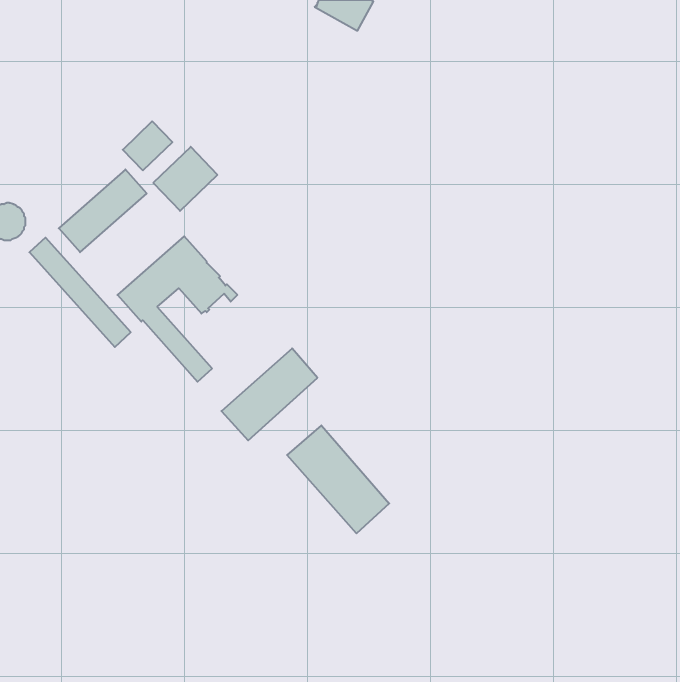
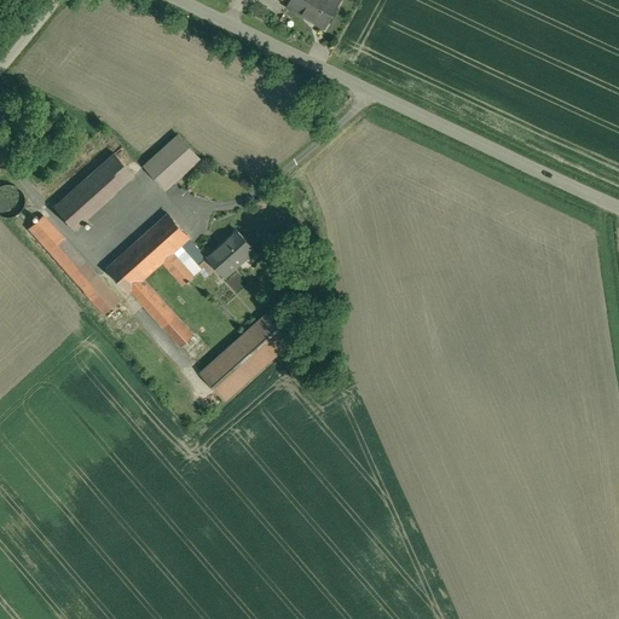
building: [123,121,172,170] -> none
building: none -> [206,231,253,277]
building: [287,425,389,533] -> none

